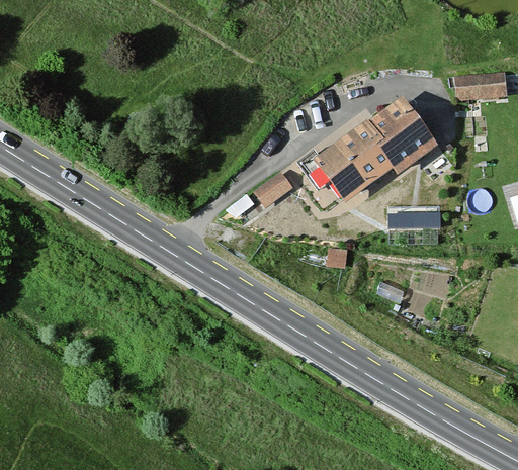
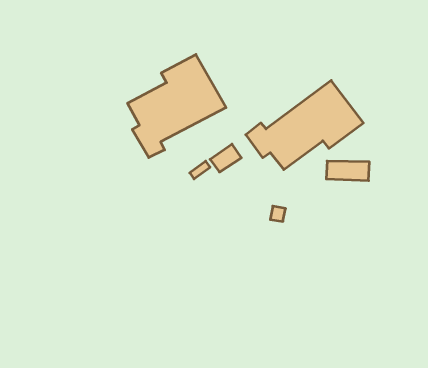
building: none -> [128,54,226,158]
building: [456,70,505,100] -> none

